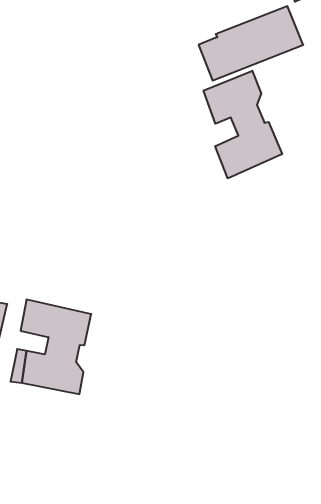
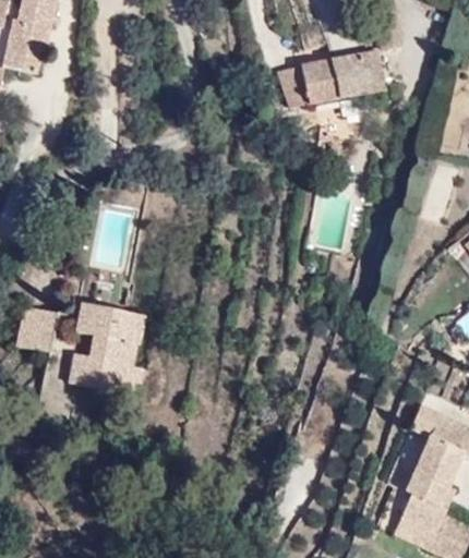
building: [204,71,282,178] -> none

